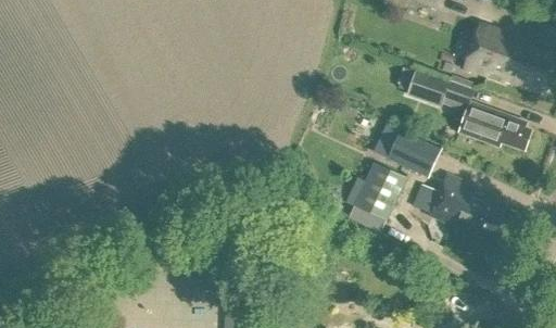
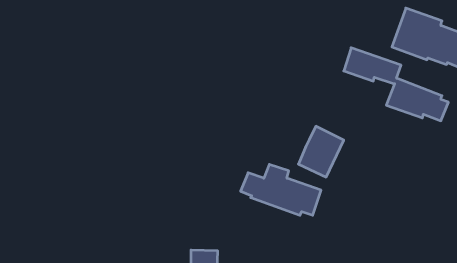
building: [384,130,440,177] -> none
building: [410,174,505,234] -> [241,164,321,215]

